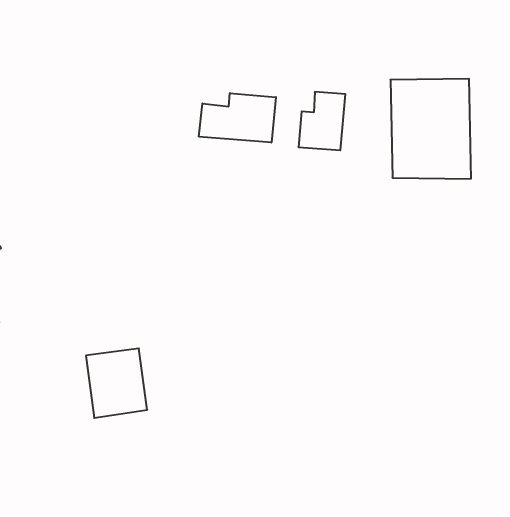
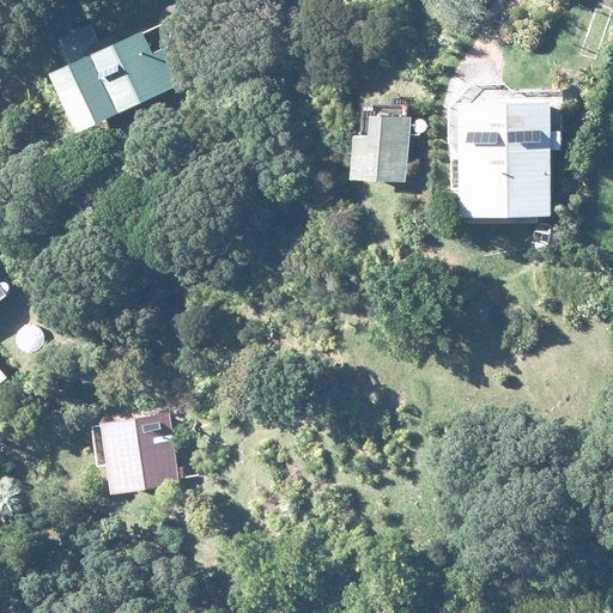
building: none -> [49,23,177,129]
building: [199,93,276,143] -> none

